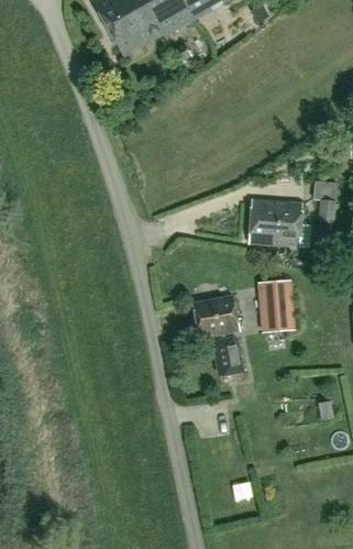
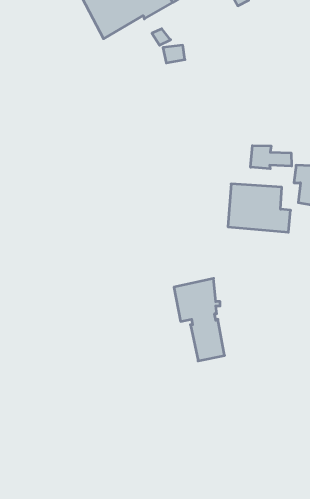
building: none -> [251,146,292,169]
building: [257,278,295,331] -> none

